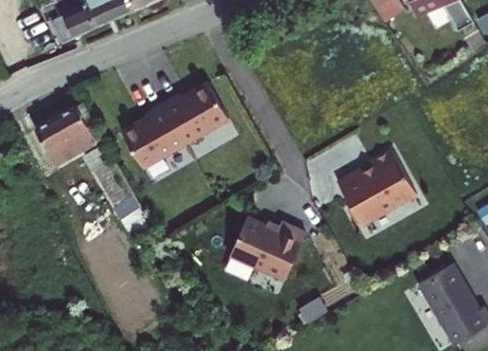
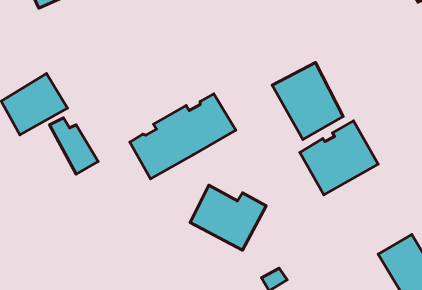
building: [123,84,230,170] -> [130,94,236,179]
building: none -> [272,62,343,139]

